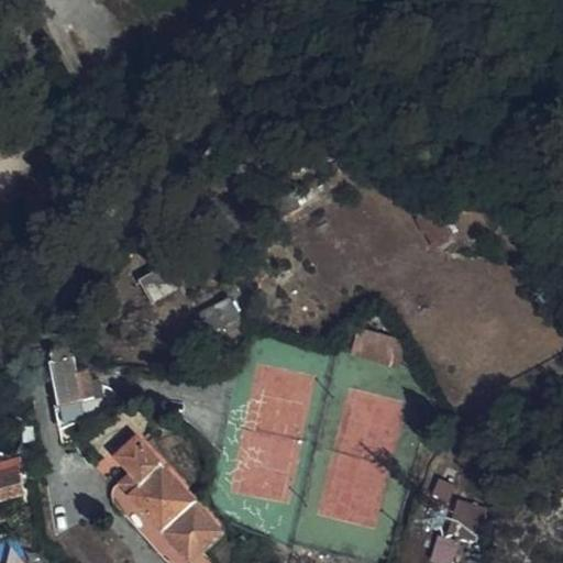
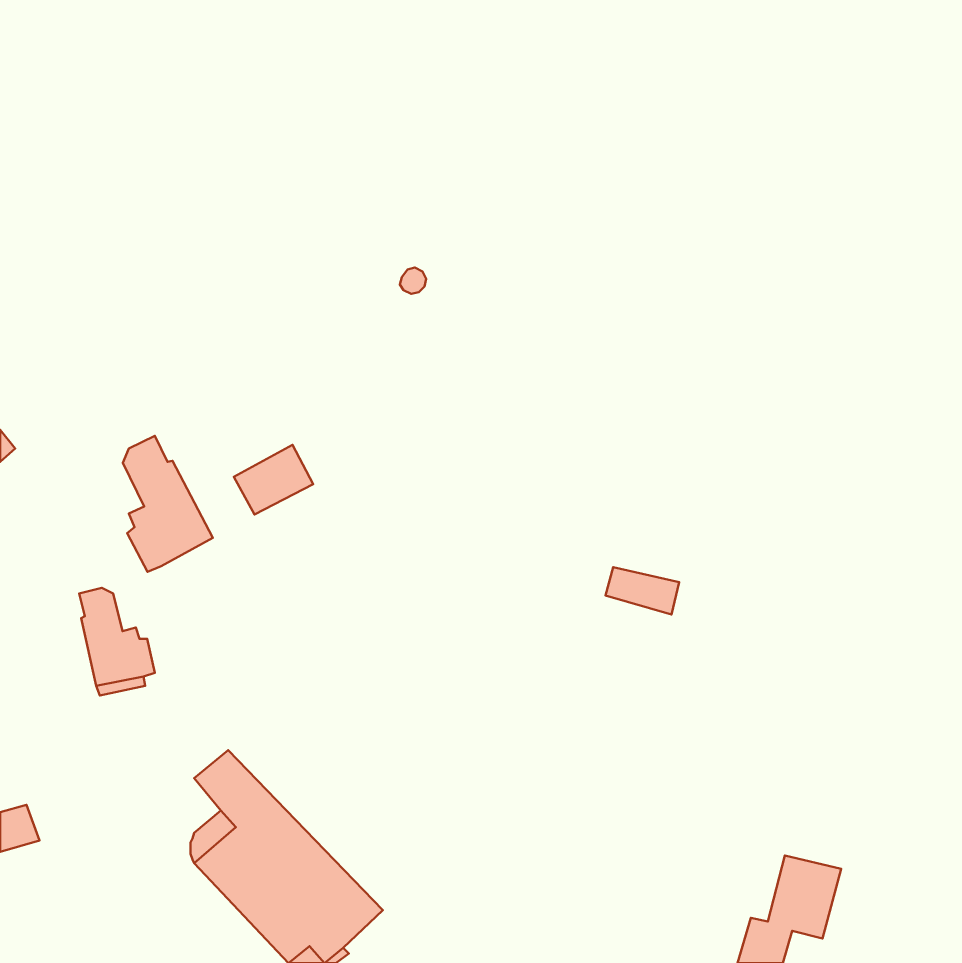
building: none -> [123,436,213,572]
building: [196,299,244,338] -> none

